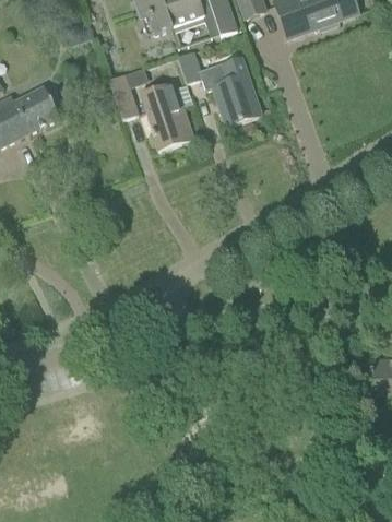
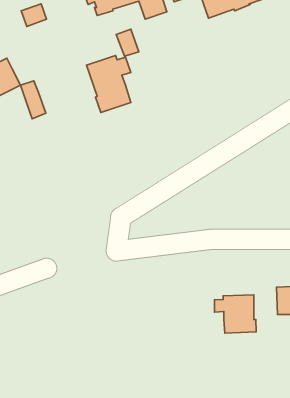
building: [206,55,261,126] -> none
building: [108,73,139,119] -> [20,81,46,119]
building: none -> [214,295,256,333]

